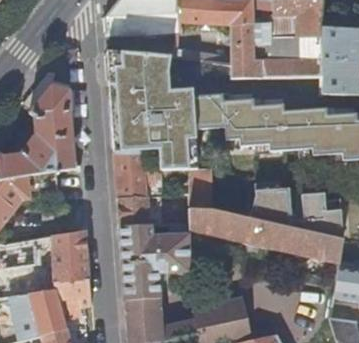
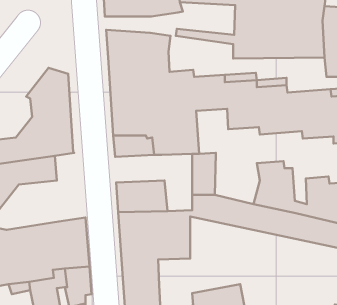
building: [115,171,163,198] -> none

